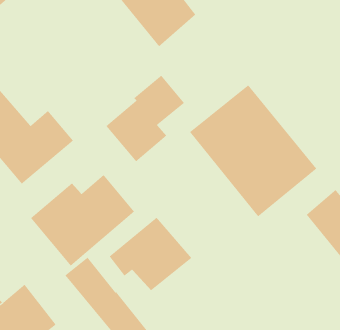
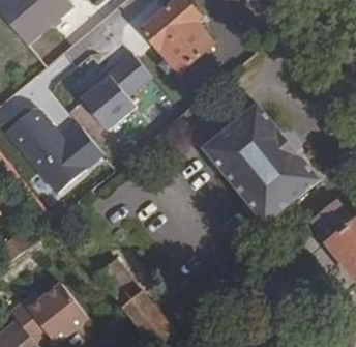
building: [106,75,185,162] -> [81,53,151,131]
building: [30,174,135,266] -> none
building: [109,217,192,291] -> none

